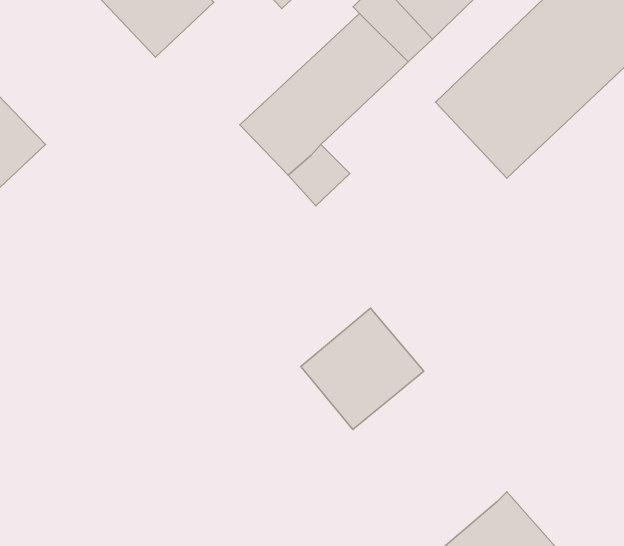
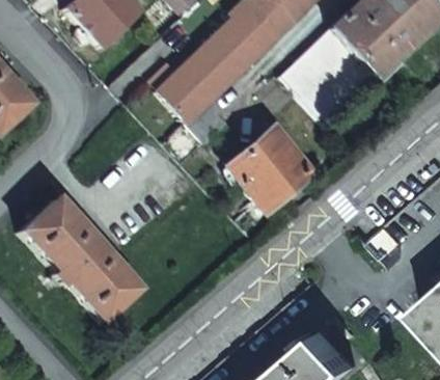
building: none -> [21,197,137,319]
building: [301,308,424,429] -> [229,126,308,203]

